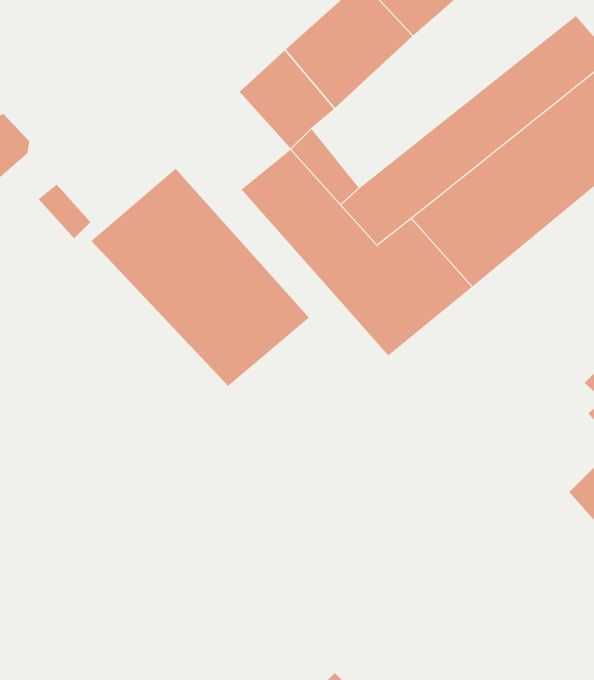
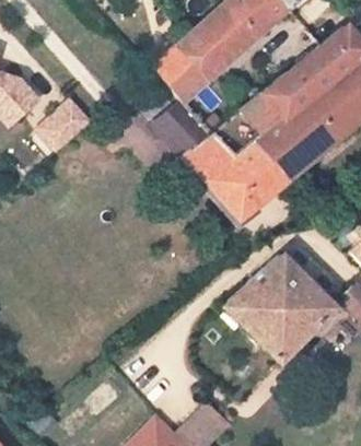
building: none -> [49,99,92,142]
building: [90,168,310,387] -> none
building: none -> [221,253,336,363]

